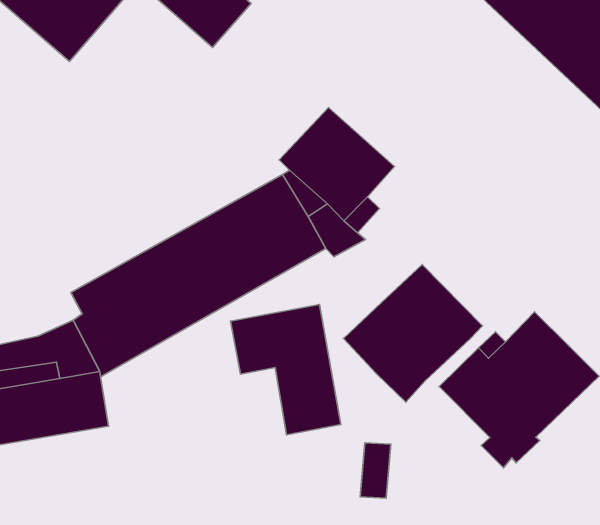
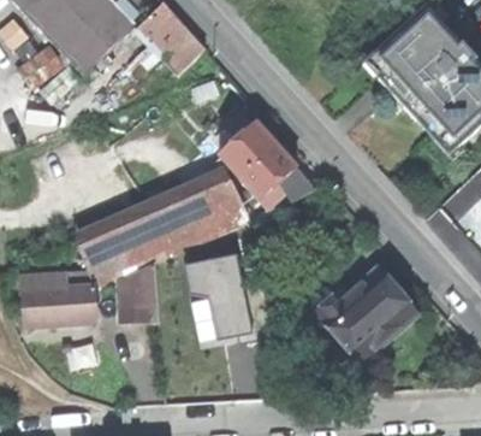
building: [343,265,482,402] -> none
building: none -> [119,264,159,323]

